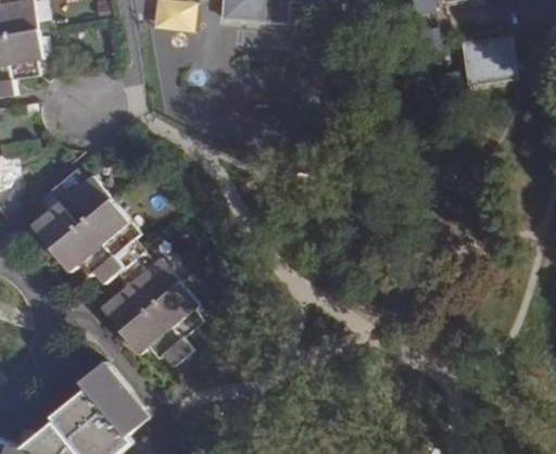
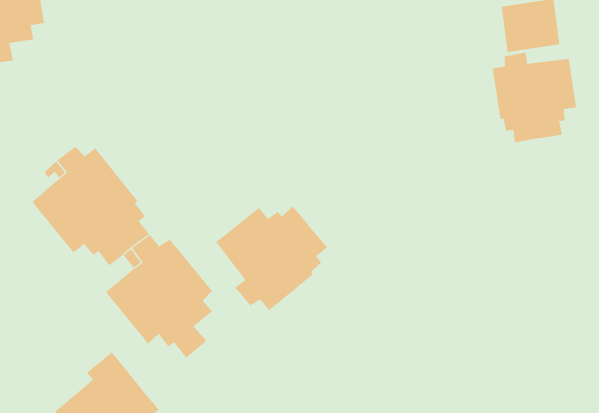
building: none -> [492,52,577,143]
building: none -> [216,206,328,311]

